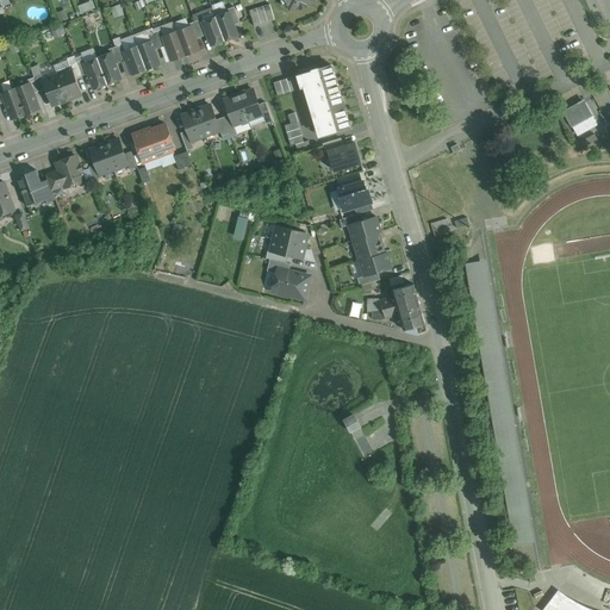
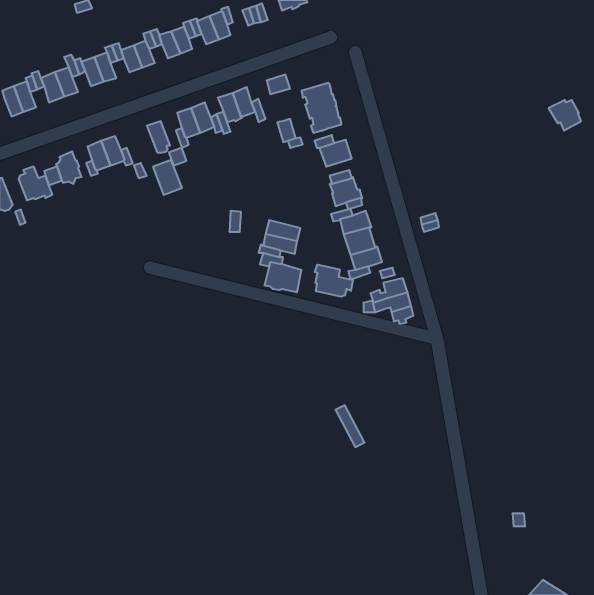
building: [299,66,336,93] -> none
building: [131,127,161,163] -> [153,160,182,195]
building: none -> [315,265,353,297]

